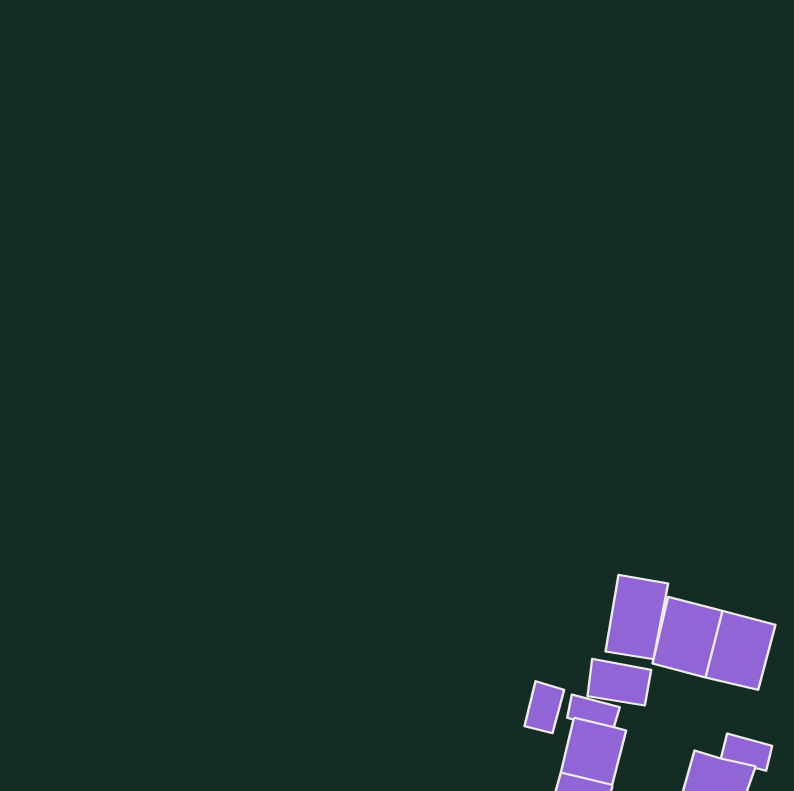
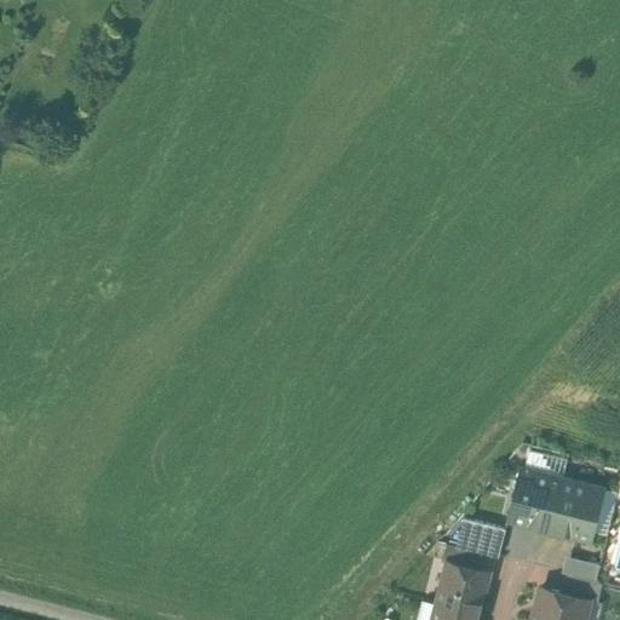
building: [605,575,668,659] -> none
building: [525,681,564,733] -> none

